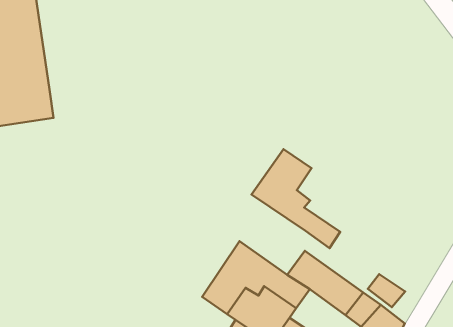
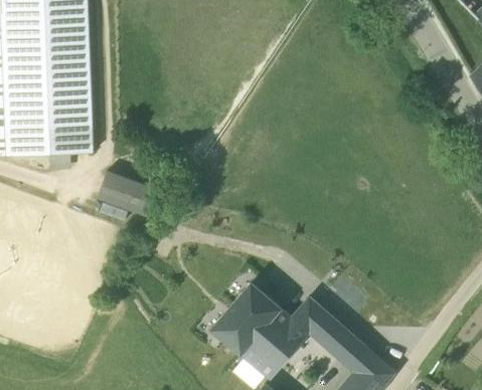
building: none -> [97,172,158,217]
building: [252,149,340,248] -> none
building: [368,274,405,307] -> none

